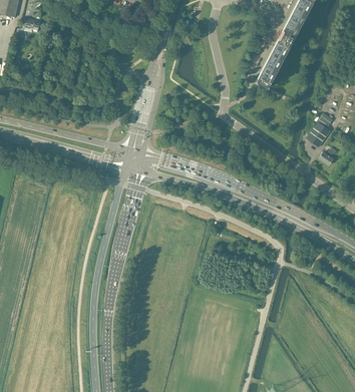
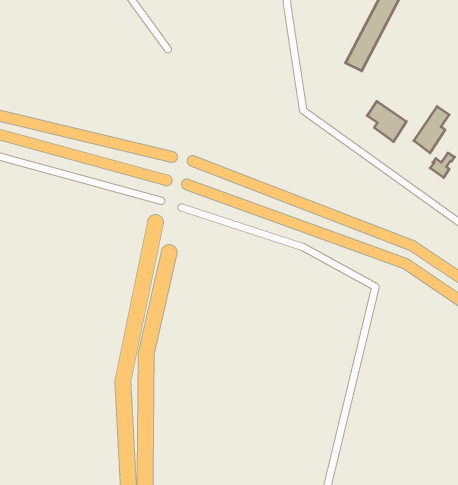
building: none -> [367,101,406,142]

